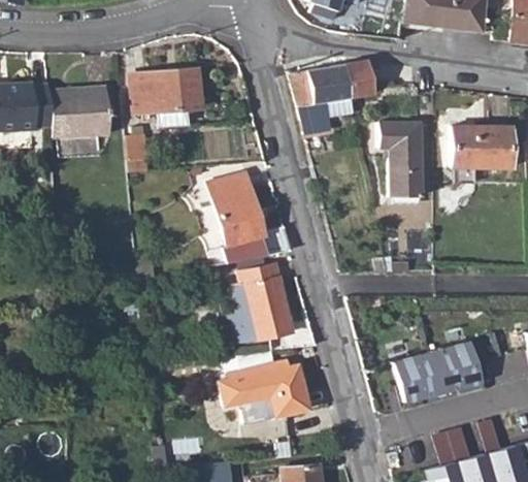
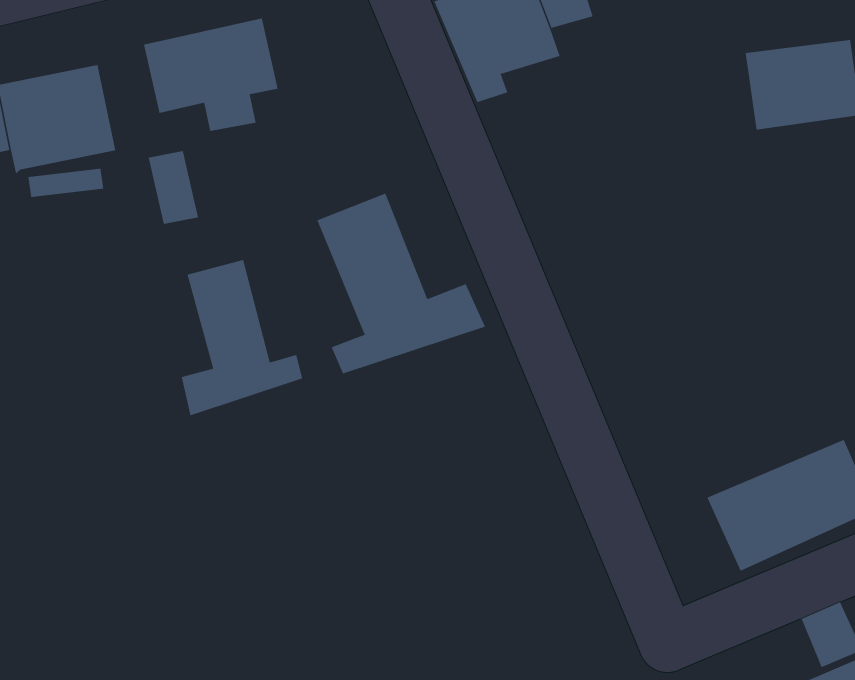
building: [378,123,421,196] -> none
building: none -> [181,259,303,416]
building: [236,265,317,350] -> none
building: [220,360,308,417] -> none

